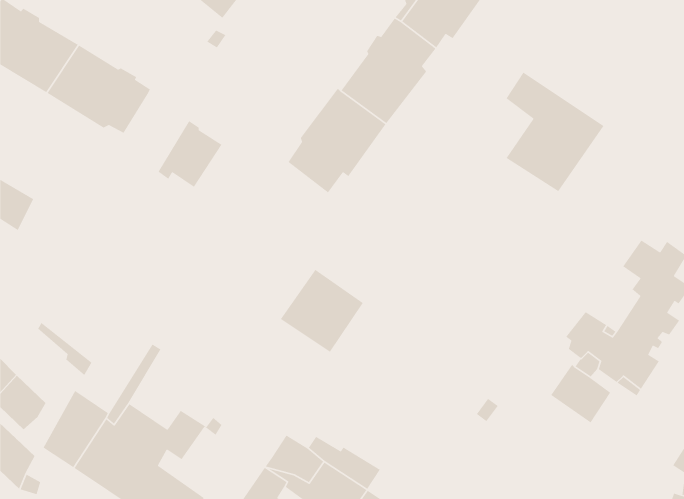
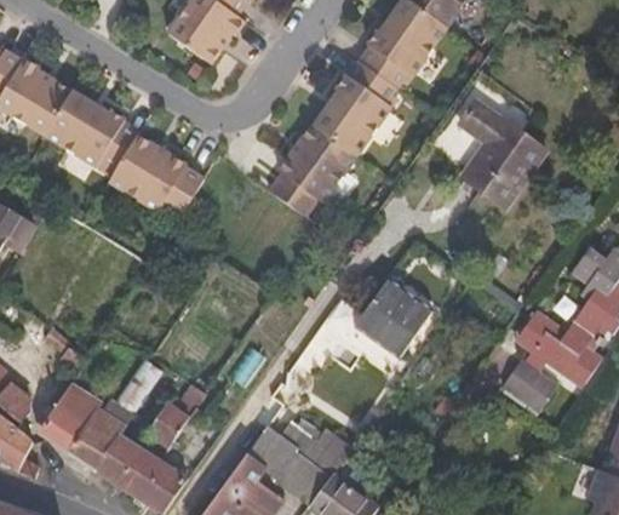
building: none -> [110,125,174,194]
building: [280,269,364,353] -> [354,281,429,356]

